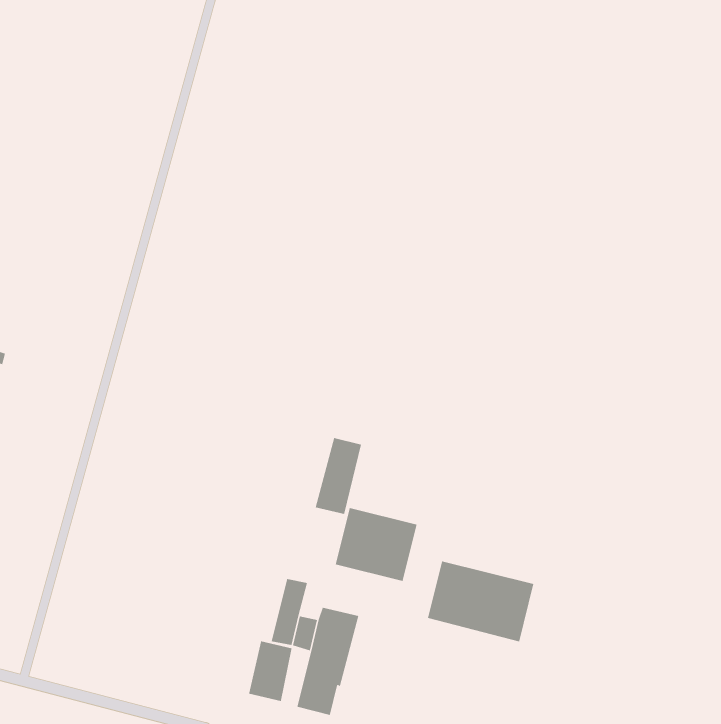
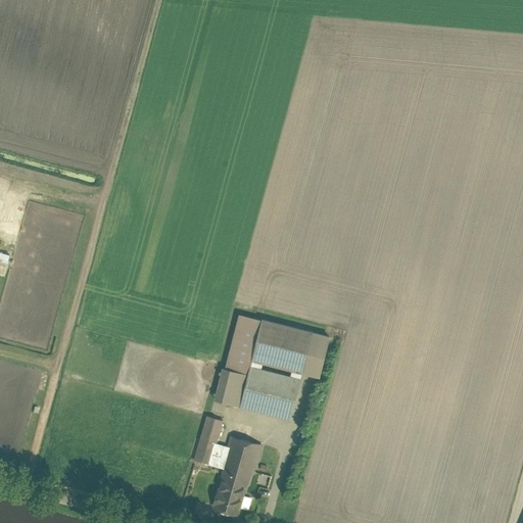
building: none -> [215,369,246,408]
building: [427,561,534,642] -> [252,321,329,379]
building: [248,641,292,702] -> none

